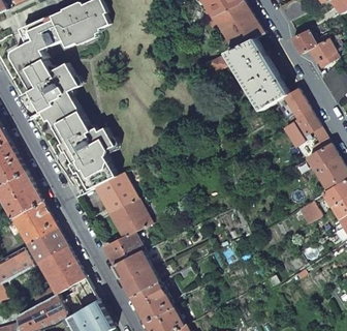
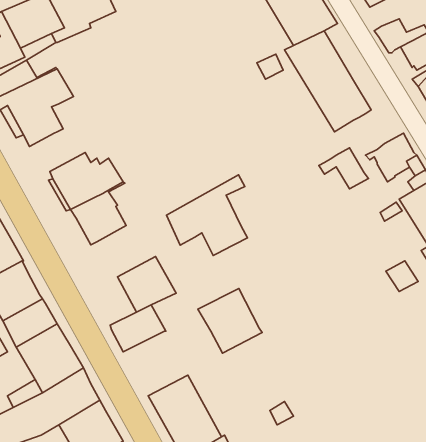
building: [46,85,86,138] -> none
building: [275,89,310,118] -> [319,148,369,189]
building: none -> [166,175,248,256]
building: [94,173,135,212] -> none
building: [113,250,158,296] -> [198,289,262,353]

